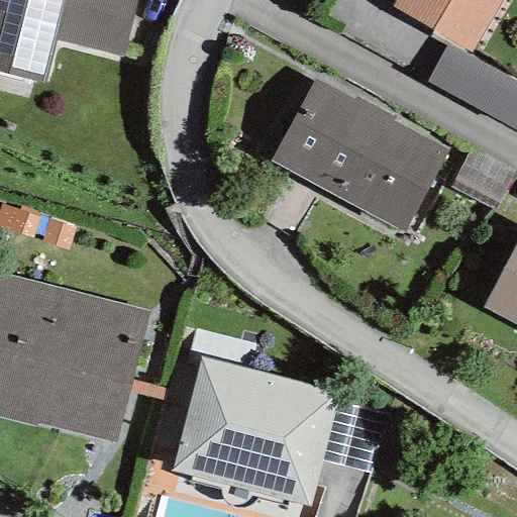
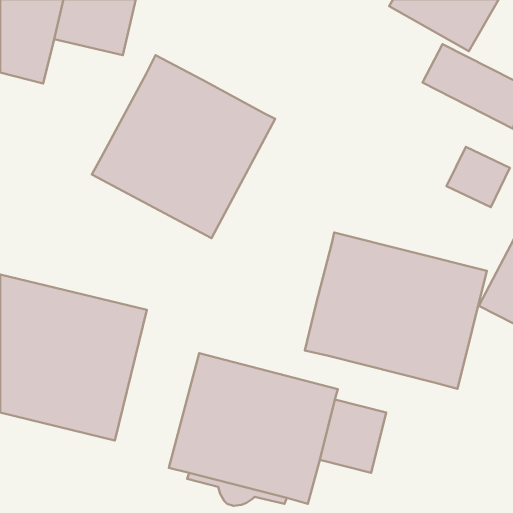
building: none -> [92,55,275,238]
building: [270,77,448,231] -> none
building: none -> [305,233,487,389]

